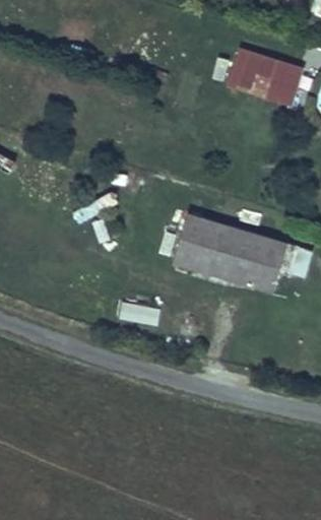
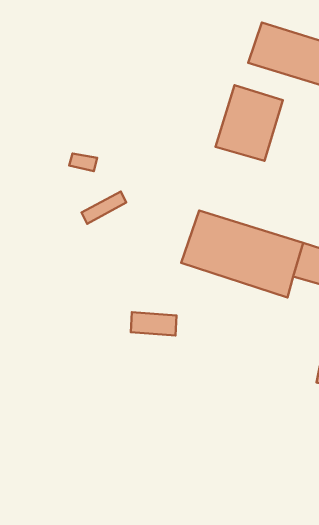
building: none -> [216,85,283,161]

